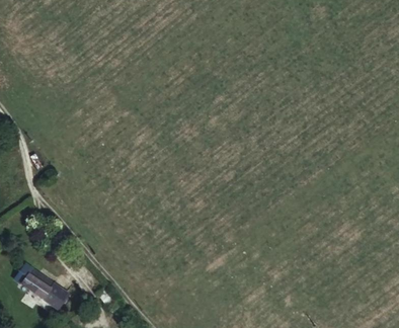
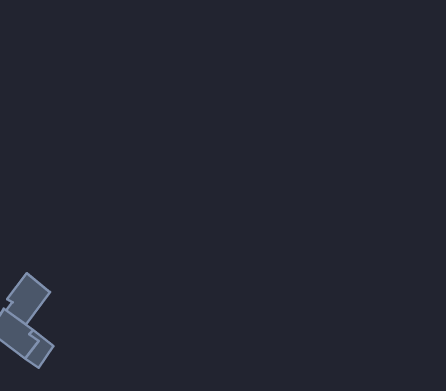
building: none -> [6,273,50,325]

